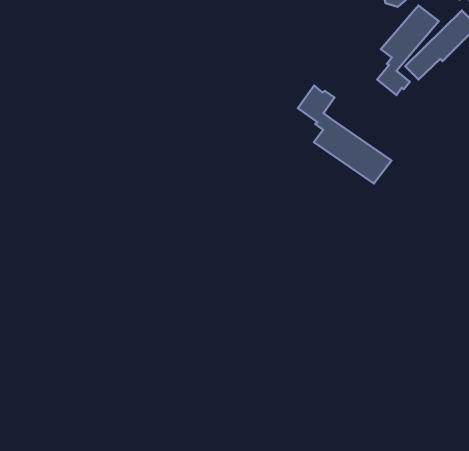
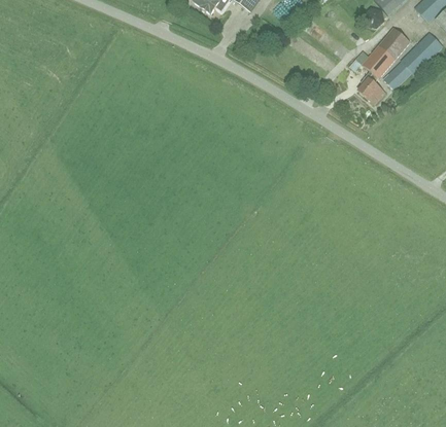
building: [298,85,392,183] -> none

